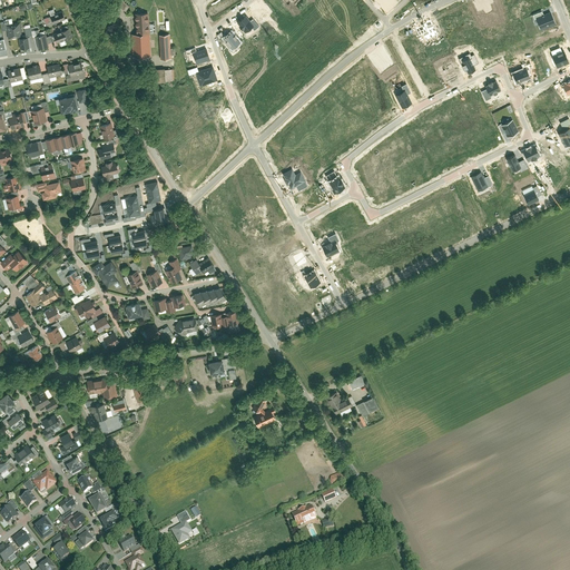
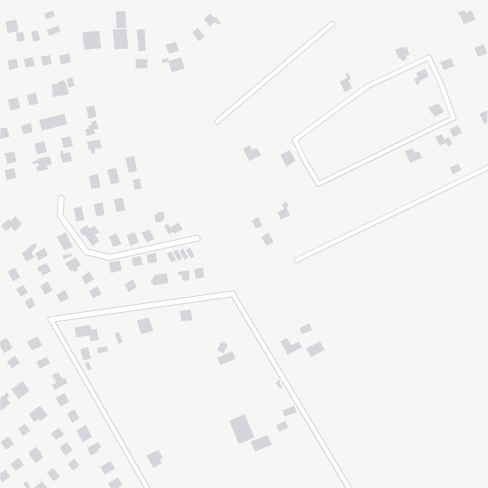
building: none -> [82,30,102,50]
building: none -> [229,413,255,444]

